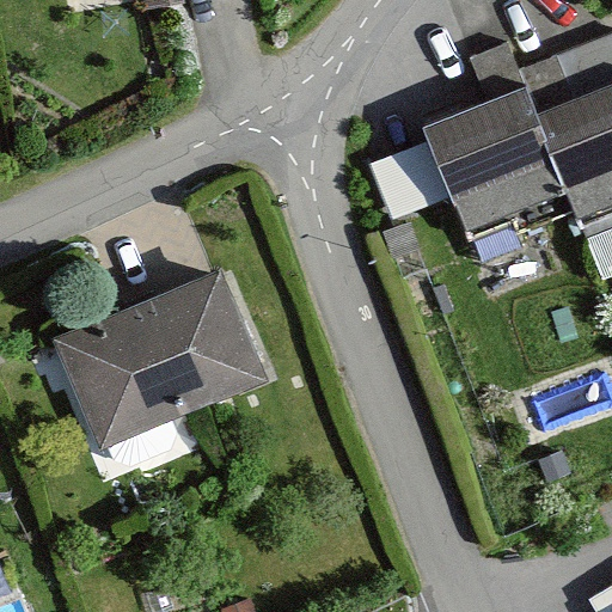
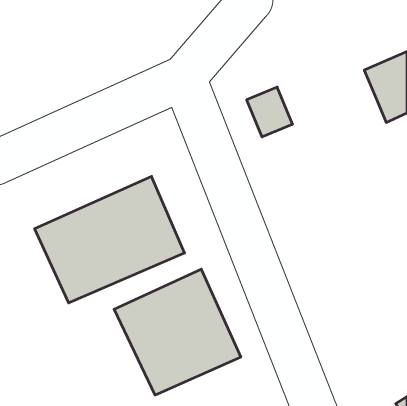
building: [424,86,562,201] -> none
building: none -> [114,269,241,395]

